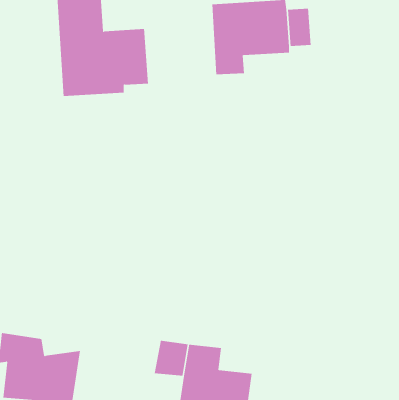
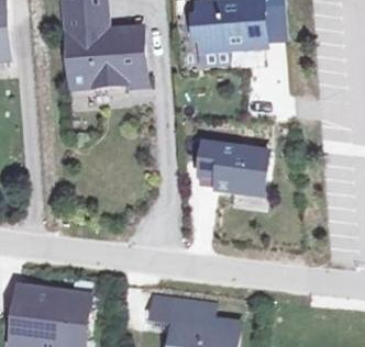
building: none -> [192,138,267,194]

